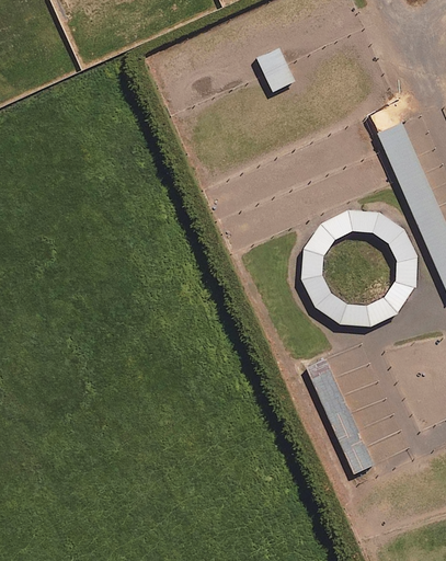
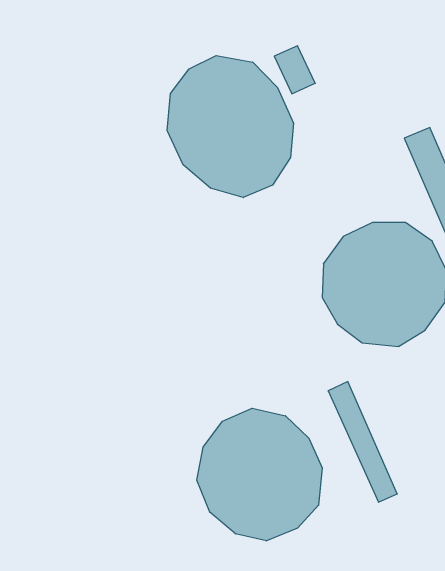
building: none -> [167,56,293,198]
building: none -> [197,408,322,541]

